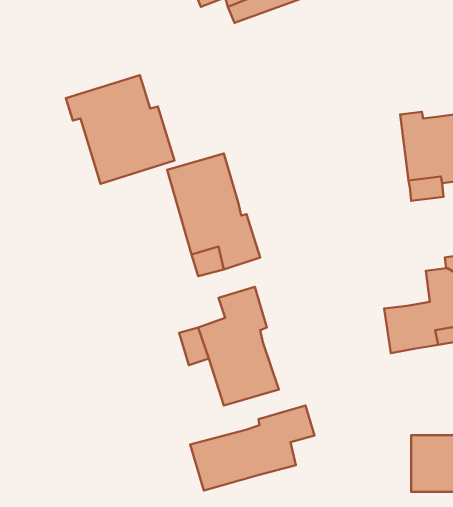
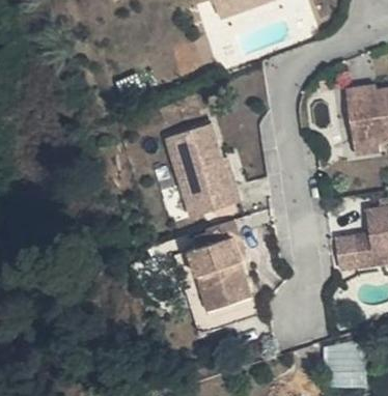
building: [66,75,174,184] -> none
building: [190,405,314,491] -> none

